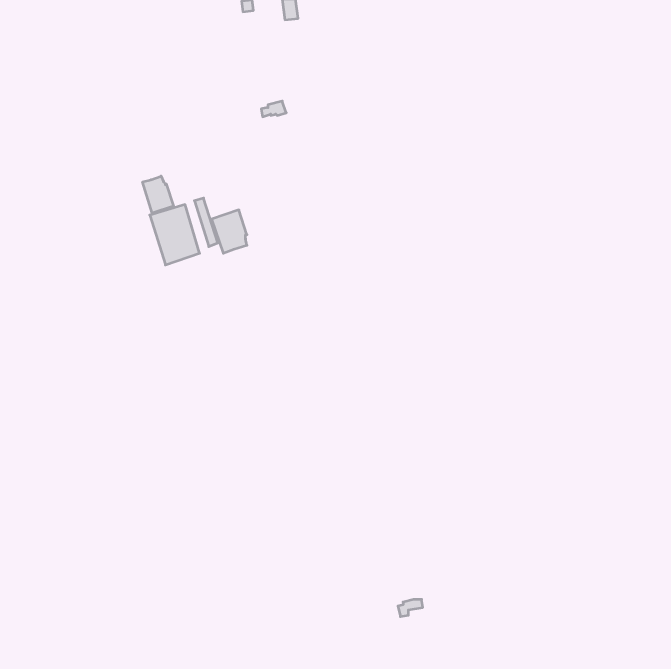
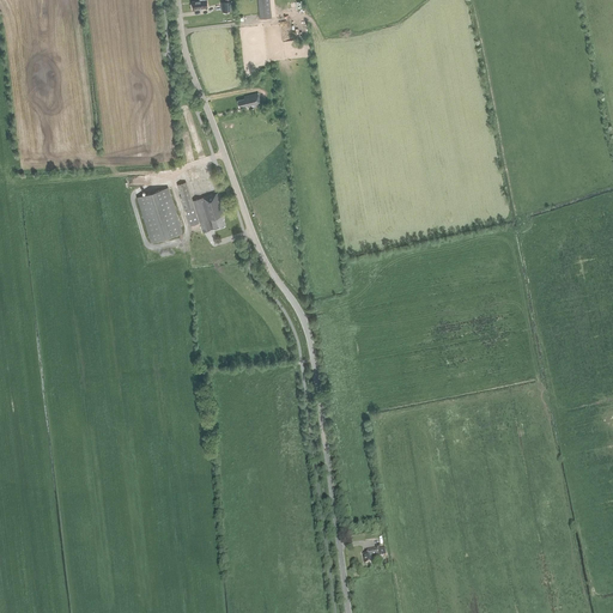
building: [143,176,174,213] -> none

